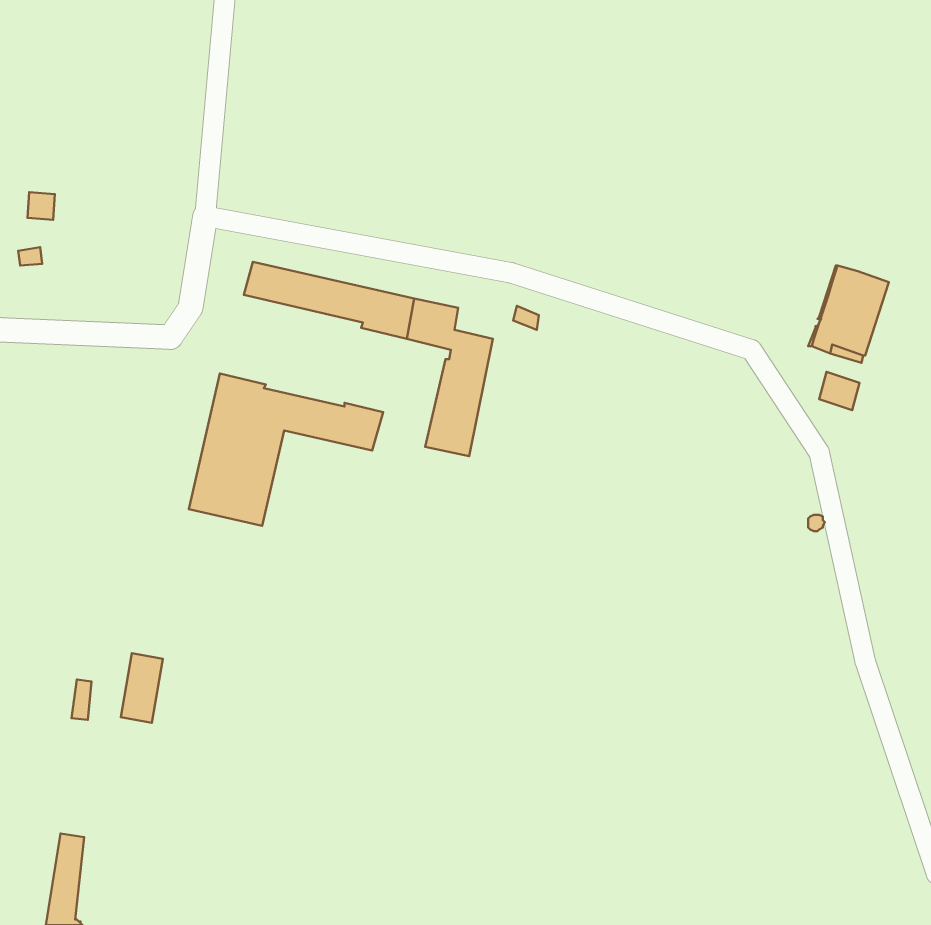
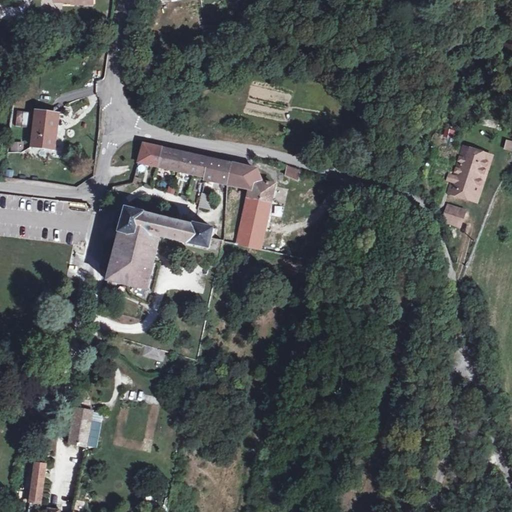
building: none -> [34,106,59,142]
building: [121,653,163,723] -> [72,402,95,440]

